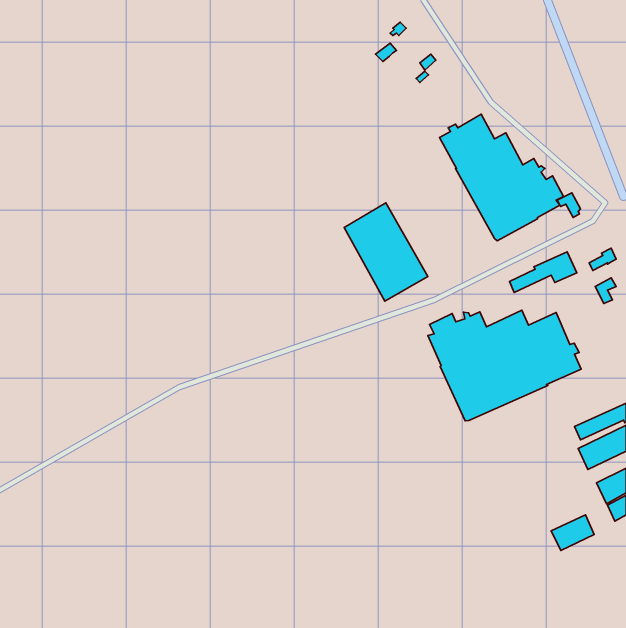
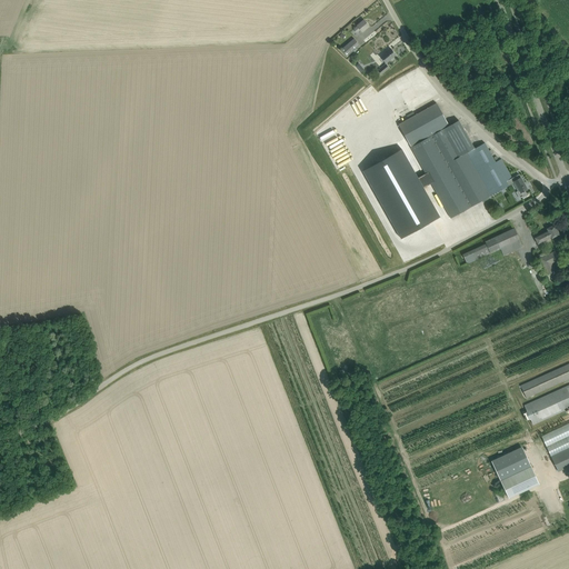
building: [344,203,428,301] -> [366,147,441,236]
building: [428,310,581,421] -> none
building: none -> [490,447,530,480]

